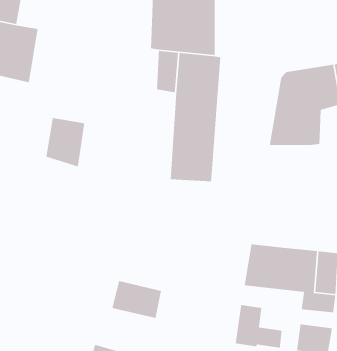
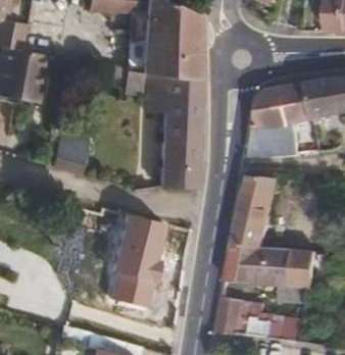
building: none -> [232,175,295,246]
building: none -> [113,217,165,285]

